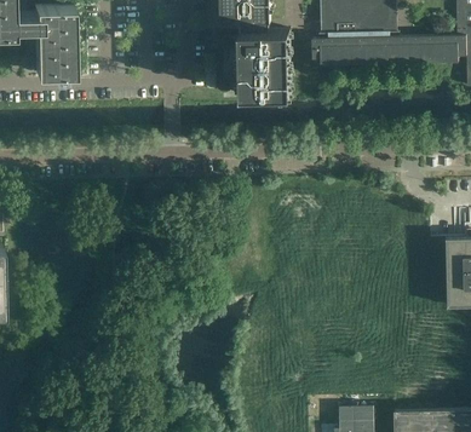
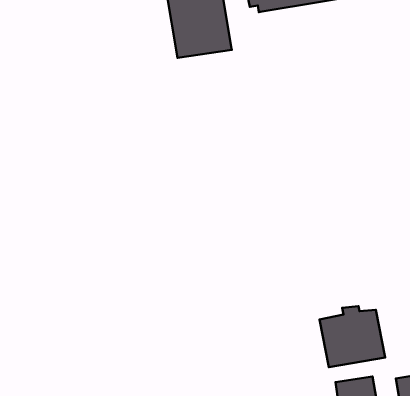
building: none -> [320,306,385,367]

